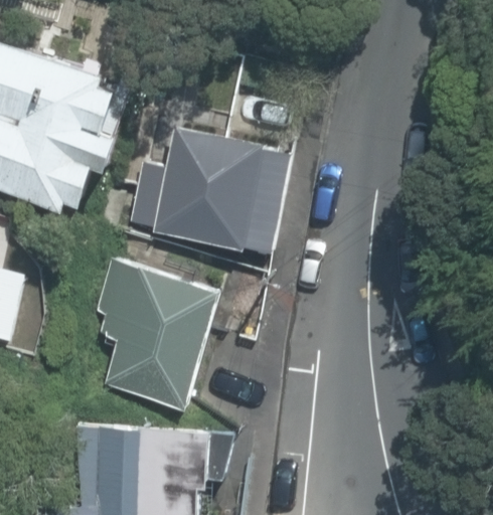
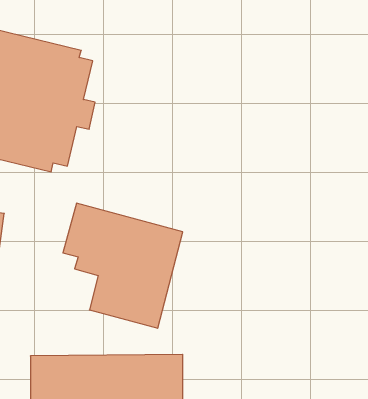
building: [125,123,282,263] -> none

